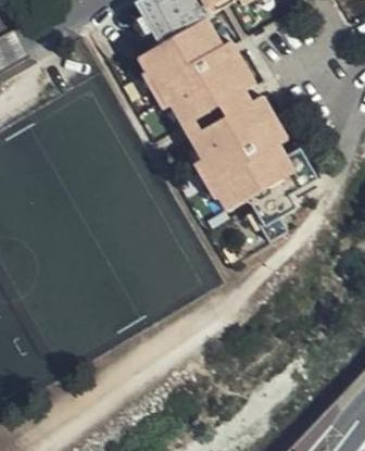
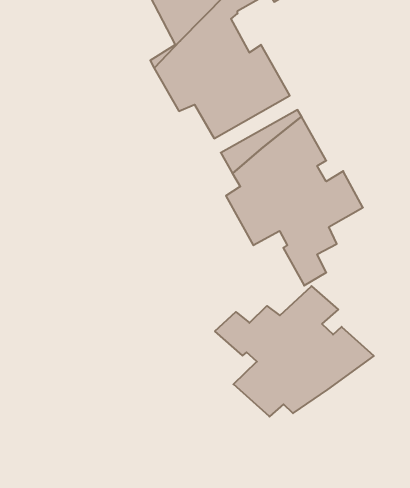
building: none -> [215,286,374,417]

